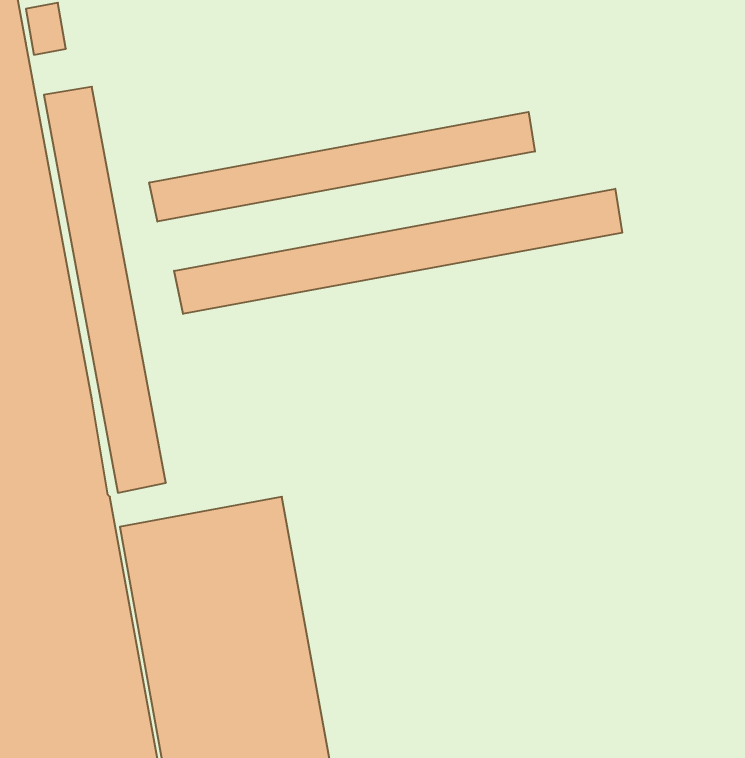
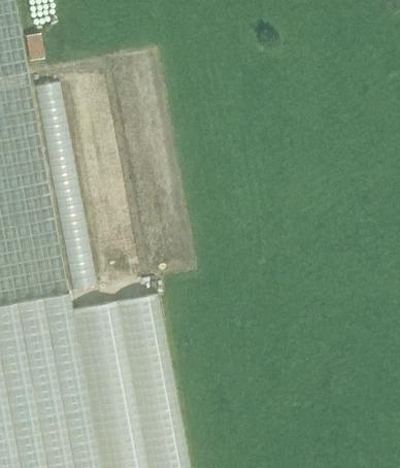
building: [149,112,535,222] -> none
building: [174,189,622,314] -> none

